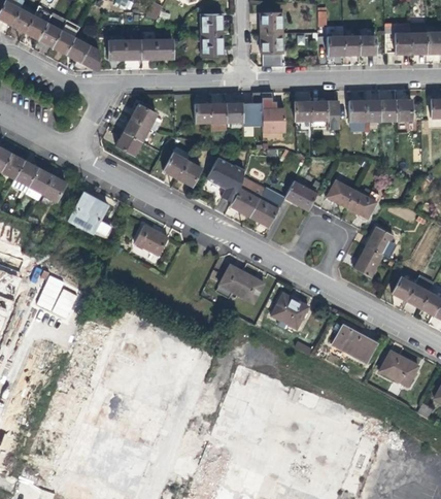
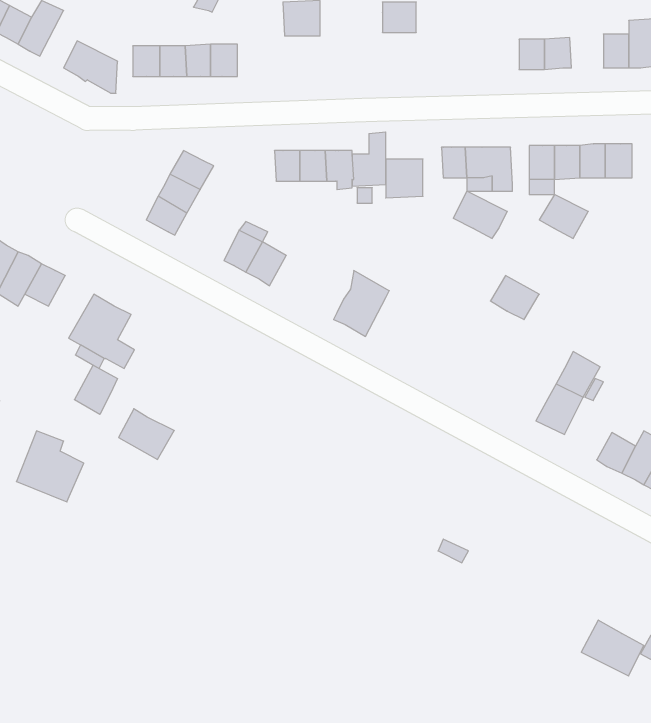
building: [50,19,79,54] -> none
building: [326,26,343,55] -> none
building: [260,32,281,53] -> none
building: [200,34,223,57] -> none
building: [206,158,244,203] -> none
building: [284,181,317,210] -> [453,191,507,238]
building: [346,192,376,219] -> [539,195,588,238]
building: [249,194,281,228] -> none
building: [134,223,168,254] -> [119,409,174,459]
building: none -> [74,365,118,414]
building: [219,264,264,301] -> none
building: [271,292,309,327] -> none
building: [333,324,376,361] -> none
building: [380,350,418,384] -> [581,620,644,676]

